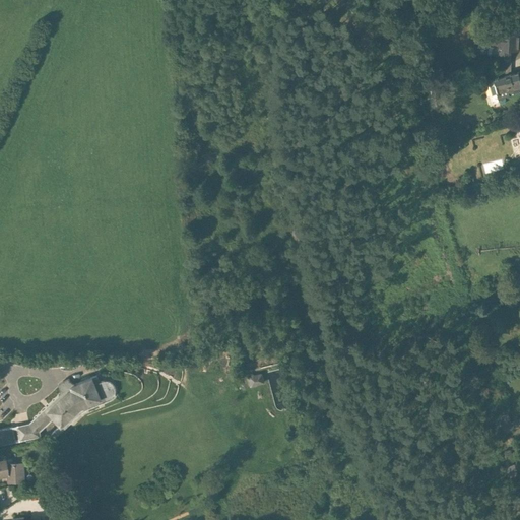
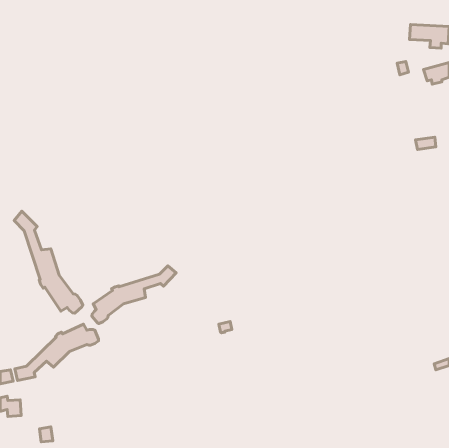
building: none -> [14,211,83,313]
building: none -> [92,266,176,324]

